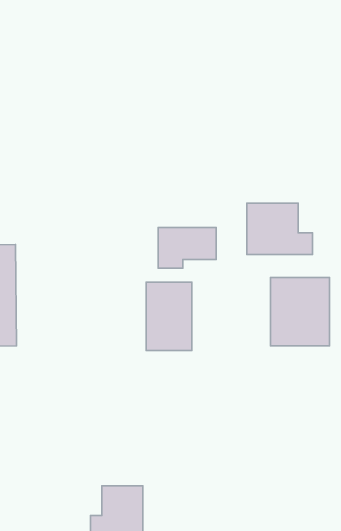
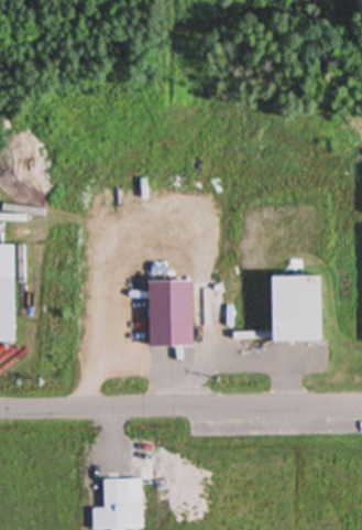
building: [247,203,313,255] -> none
building: [158,227,216,268] -> none

